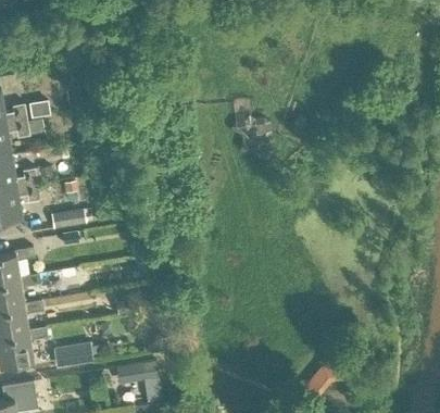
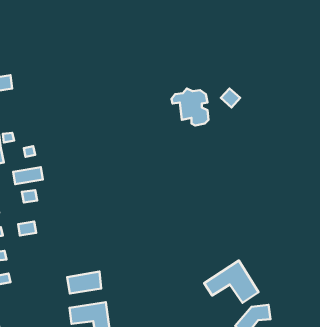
building: none -> [204,261,259,303]
building: [53,343,92,368] -> [67,272,101,293]

